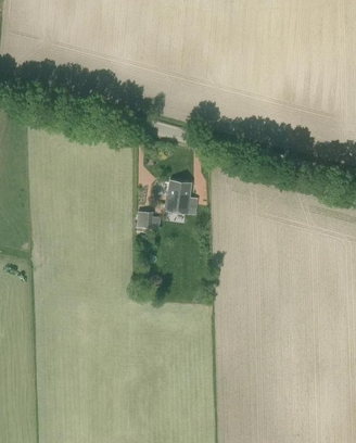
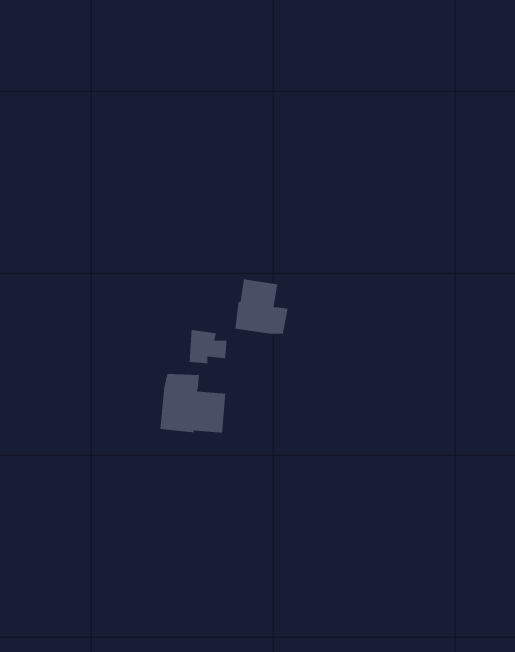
building: none -> [160,373,226,434]

